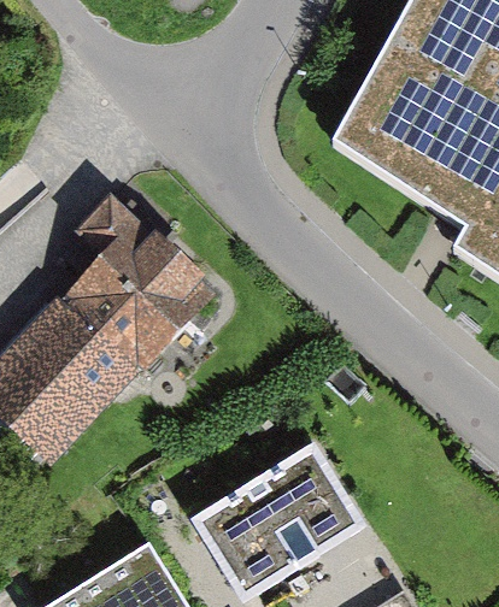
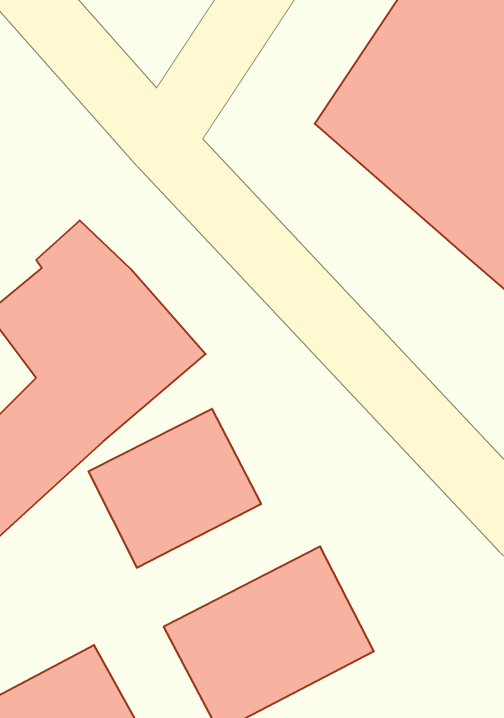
building: none -> [88,409,261,568]

